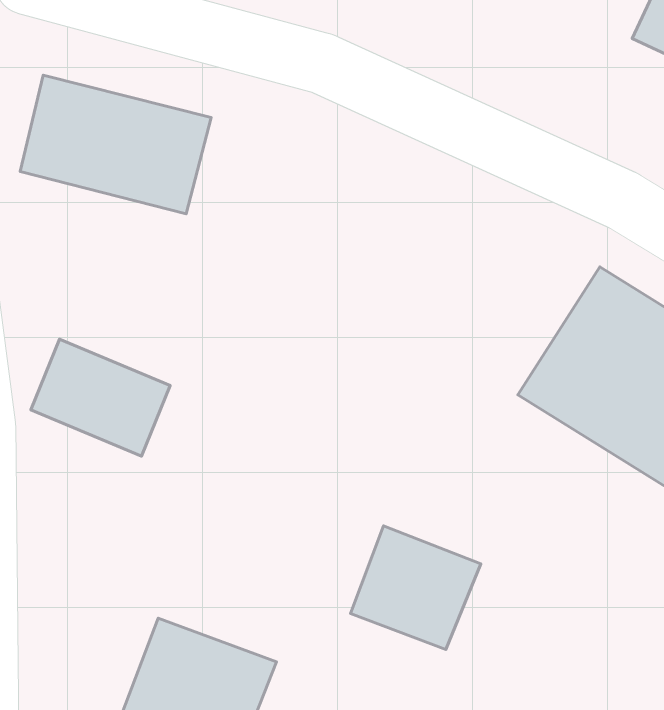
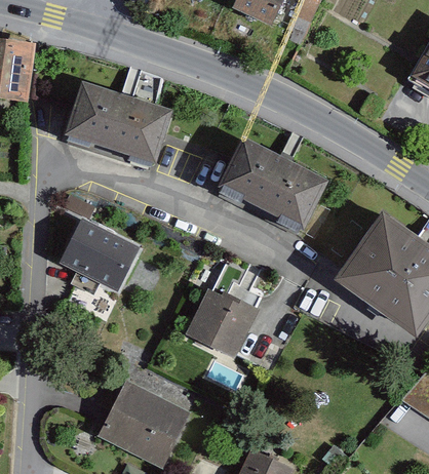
building: none -> [219,136,329,230]
building: [351,526,481,650] -> [185,288,259,359]

